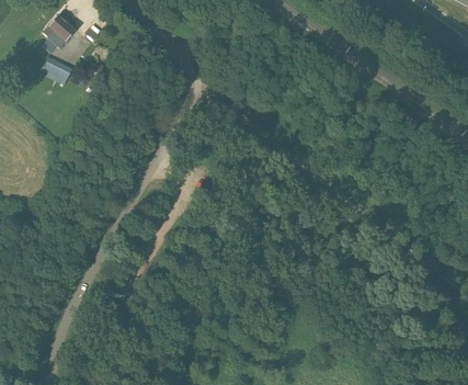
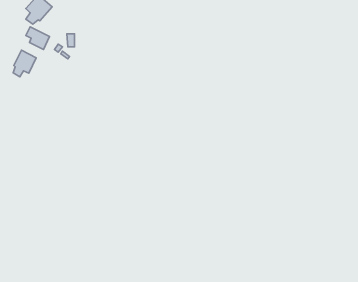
building: none -> [13,50,36,77]

